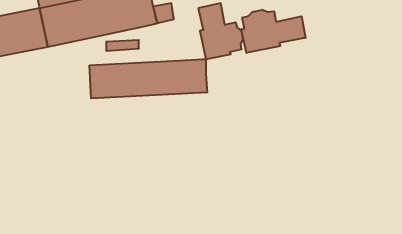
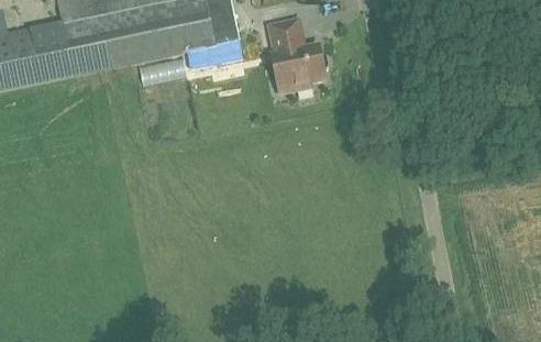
building: [241,10,306,53] -> none
building: [90,59,207,98] -> none

